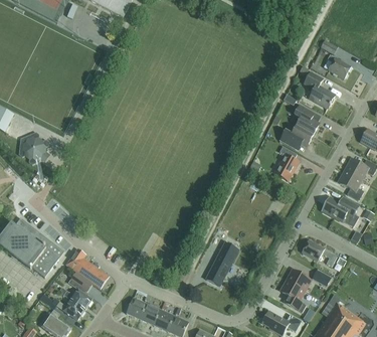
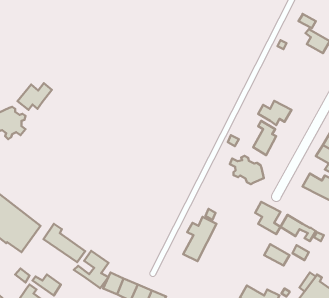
building: [304,71,335,108] -> none
building: [294,105,319,135] -> none
building: none -> [17,83,52,110]
building: none -> [230,156,264,184]
building: [57,272,91,309] -> [74,251,108,288]
building: [279,280,305,312] -> [255,202,280,234]

